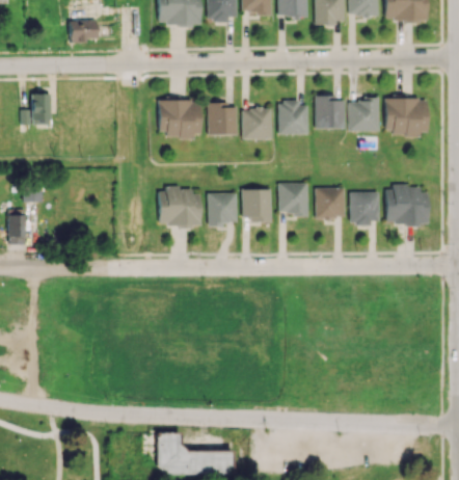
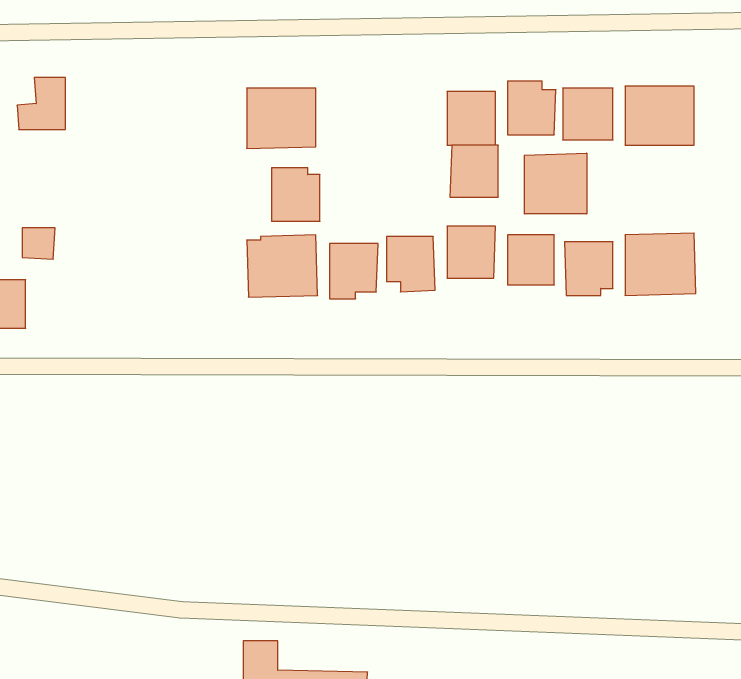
building: [208,103,237,135] -> [272,168,320,221]
building: [242,108,271,139] -> [450,145,498,197]
building: none -> [524,153,587,214]

